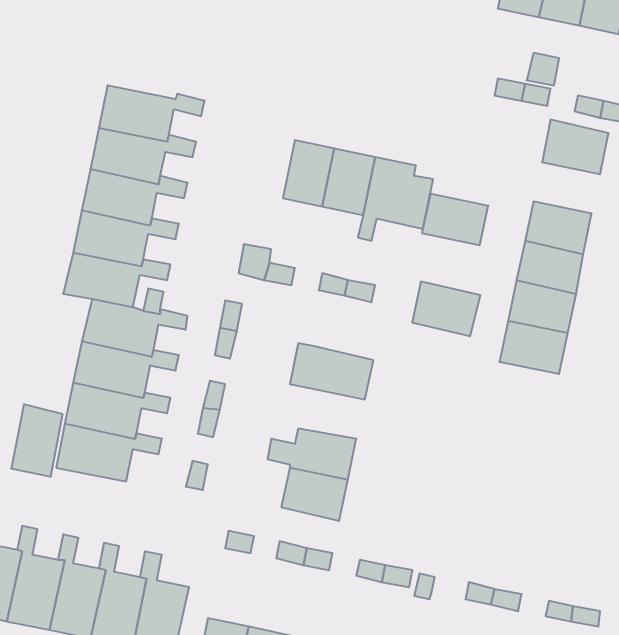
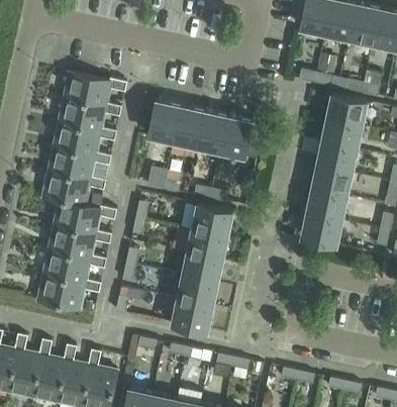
building: none -> [148,102,180,141]
building: [422,194,488,245] -> [321,120,361,150]
building: [412,282,480,336] -> [192,205,232,237]
building: none -> [182,253,221,284]
building: [12,404,62,477] -> none

